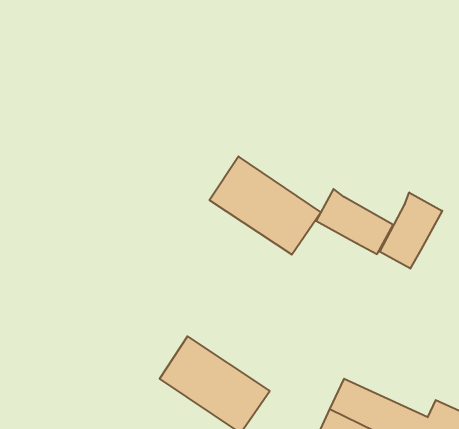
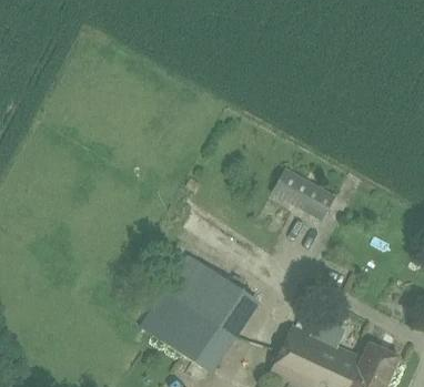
building: [209,156,321,255] -> [164,253,258,335]
building: [380,192,442,269] -> none

